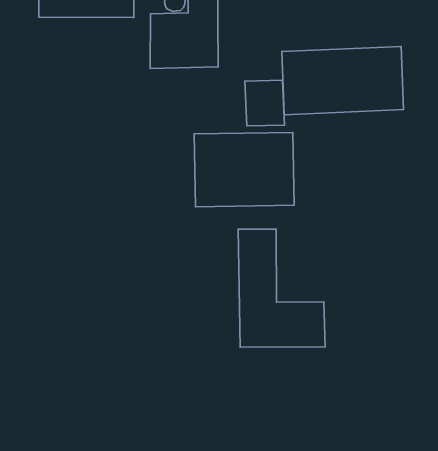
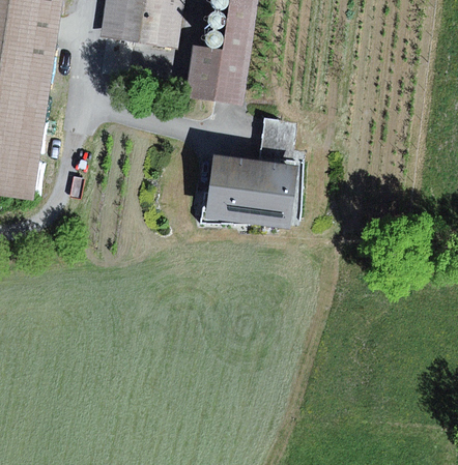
building: [282,47,403,115] -> none
building: [238,229,325,347] -> none

